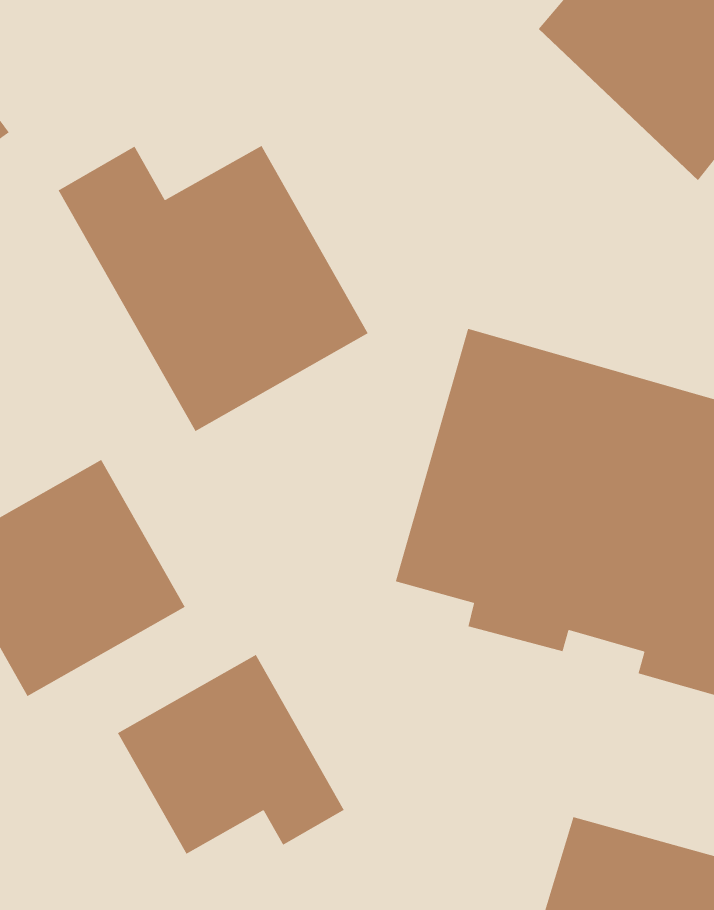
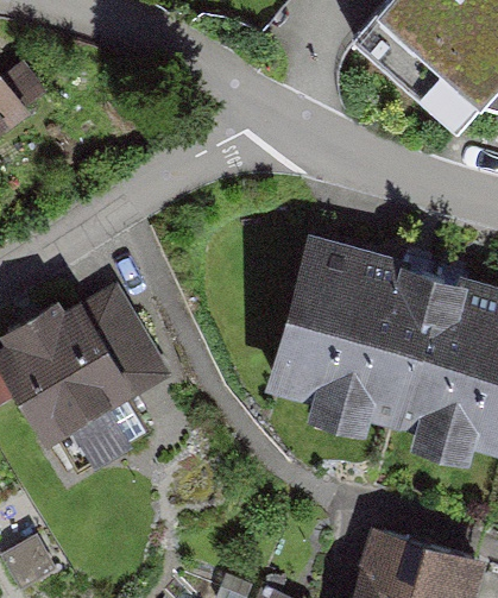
building: [57,145,369,432] -> none
building: [117,654,345,855] -> none

